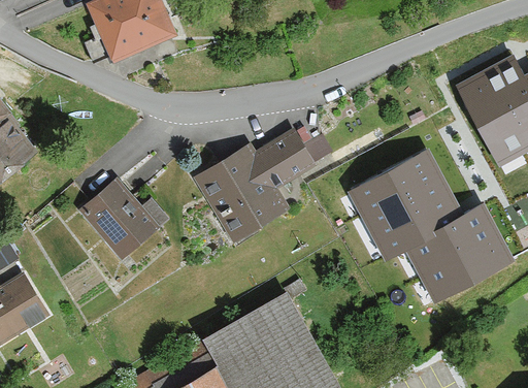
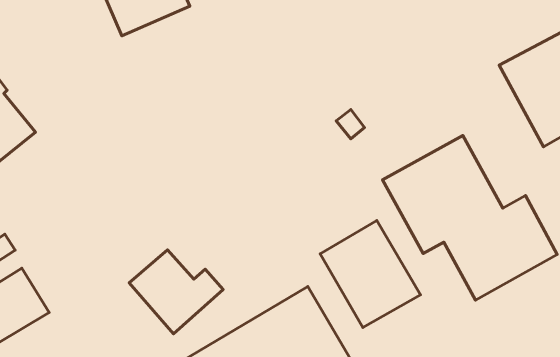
building: [196,130,316,241] -> none
building: [82,182,168,258] -> [129,250,223,334]
building: none -> [320,220,421,328]

